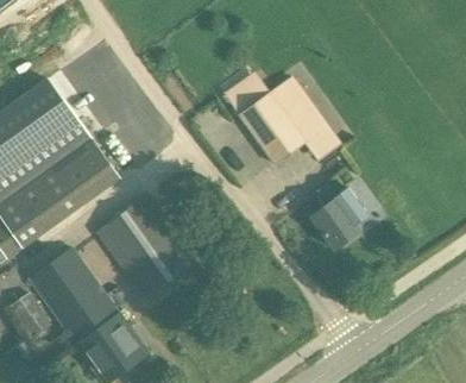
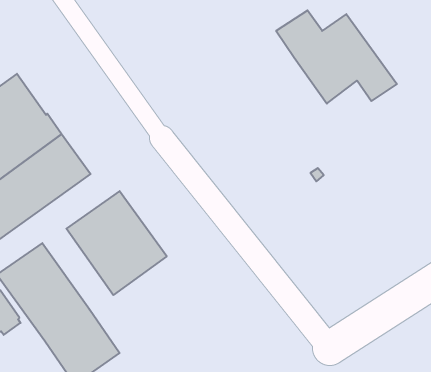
building: [223,73,342,164] -> [276,10,397,104]
building: [309,184,370,250] -> none

